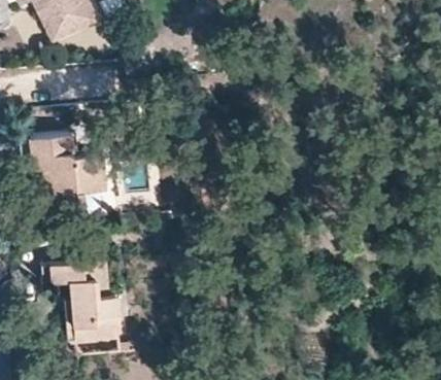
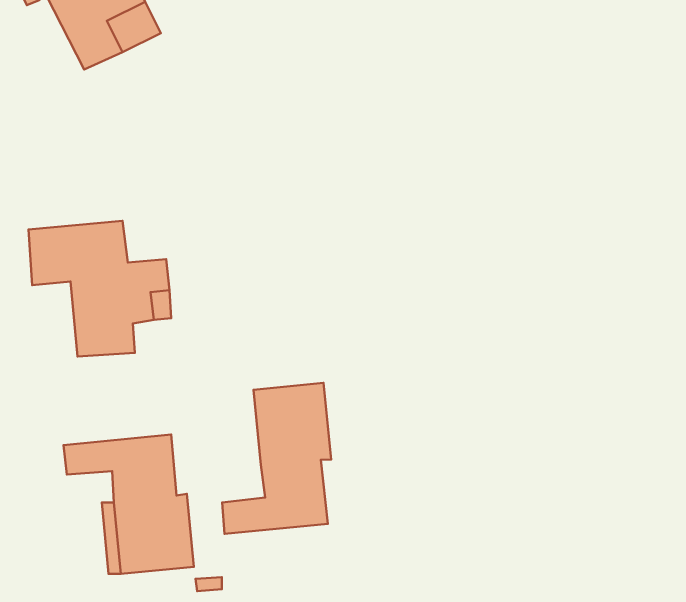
building: none -> [222,383,331,534]

